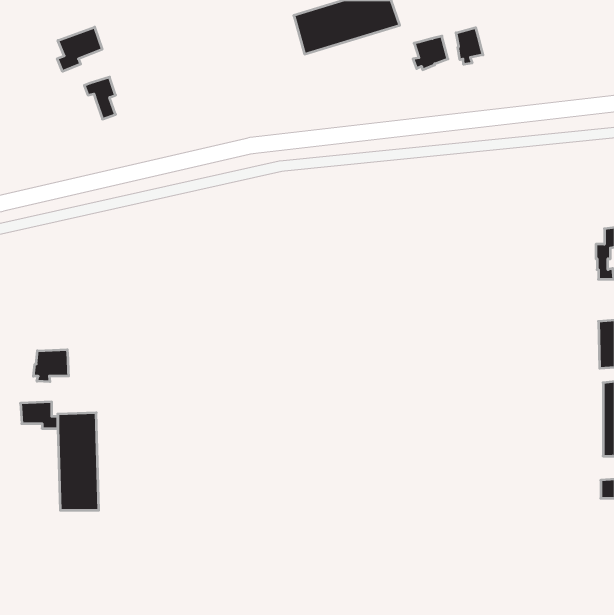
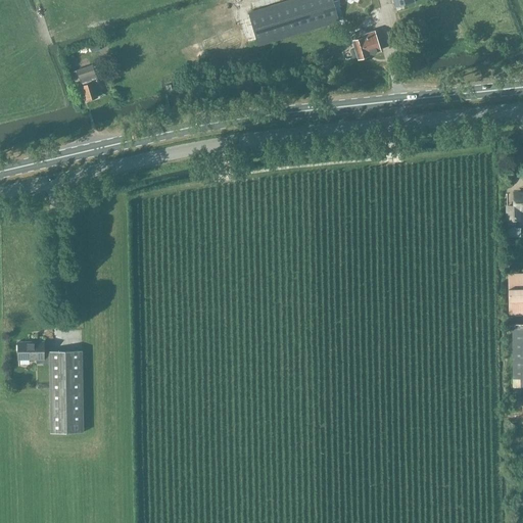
building: [57,27,102,71] -> none
building: [456,28,483,64] -> none
building: [33,350,69,382] -> none

